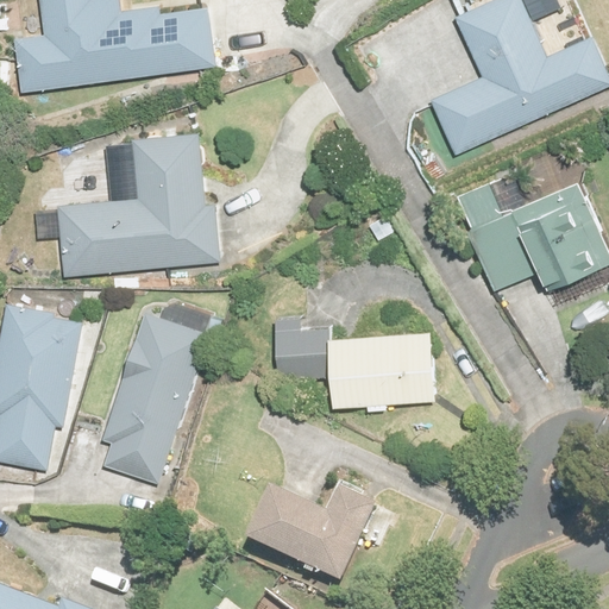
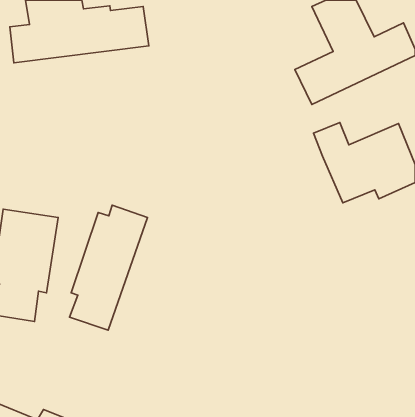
building: [59,136,213,272] -> none
building: [275,315,432,403] -> none
building: [247,485,395,584] -> none

